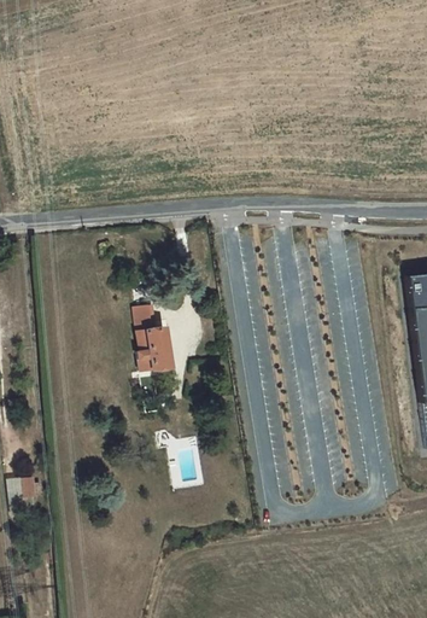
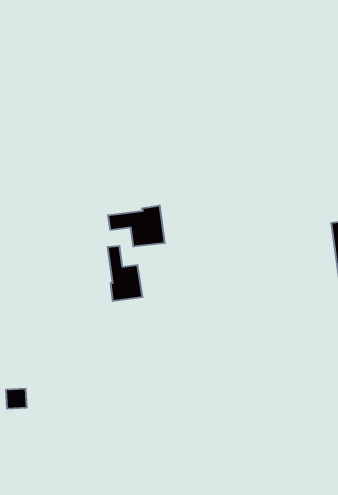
building: none -> [108,205,165,247]

